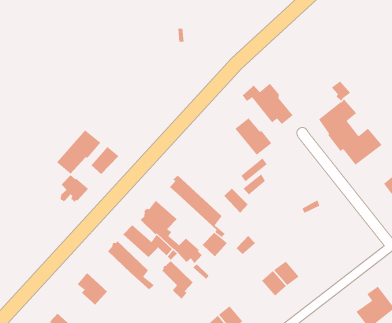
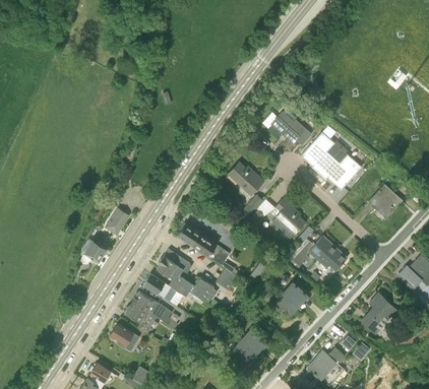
building: [242,83,294,125] -> [262,108,311,143]
building: [56,130,101,175] -> none
building: none -> [270,198,305,239]
building: none -> [291,236,347,273]
building: [161,260,194,300] -> [125,301,156,334]

